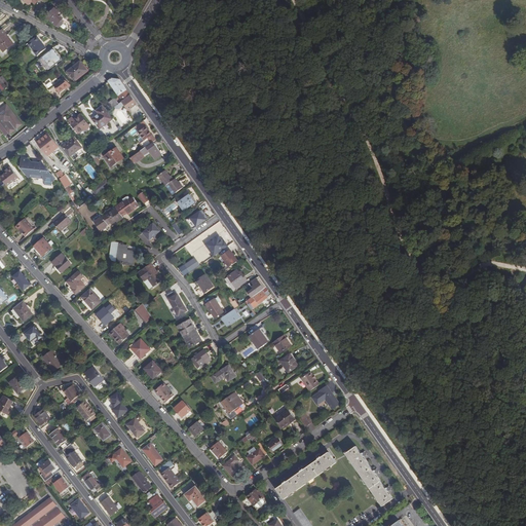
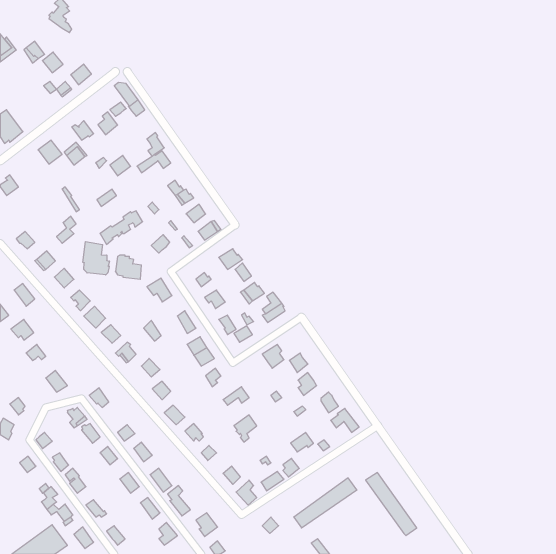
building: [18,156,54,185] -> none
building: none -> [83,242,109,275]

